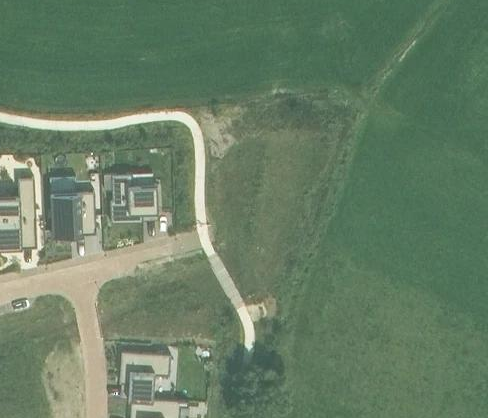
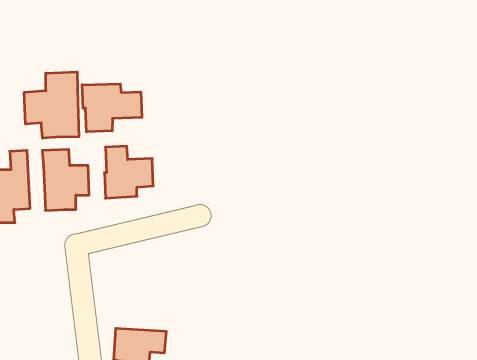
building: none -> [24,72,79,138]
building: none -> [82,84,142,132]

